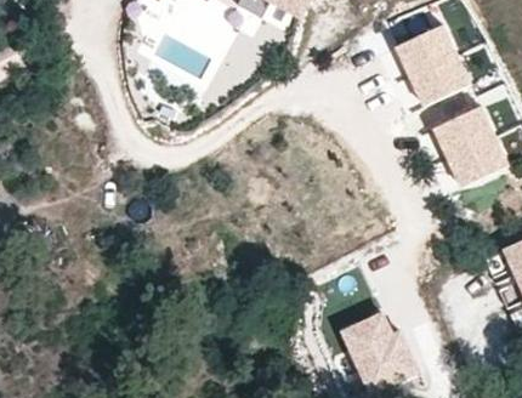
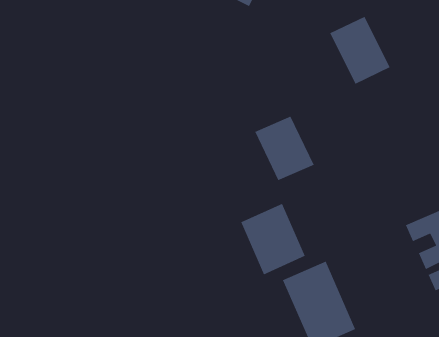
building: [435,110,503,184] -> [254,115,315,181]
building: none -> [240,203,306,275]

